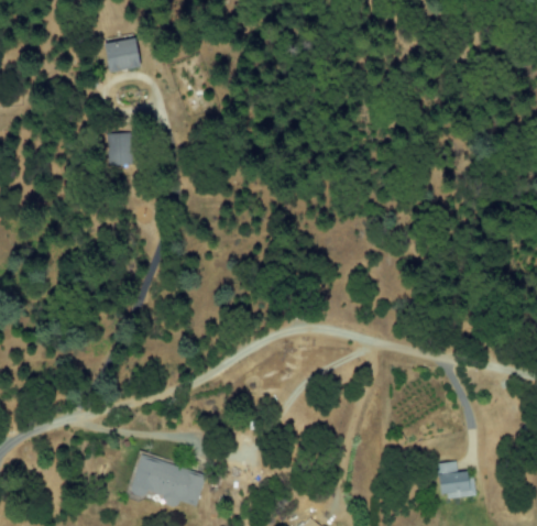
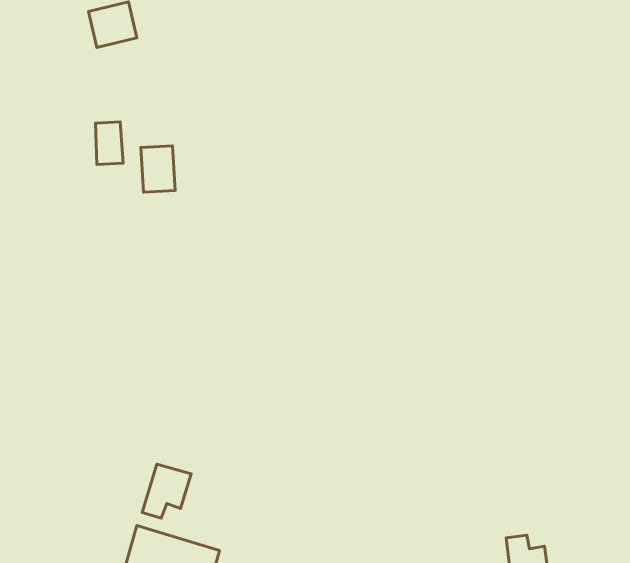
building: none -> [141,146,175,192]
building: none -> [142,464,191,518]

